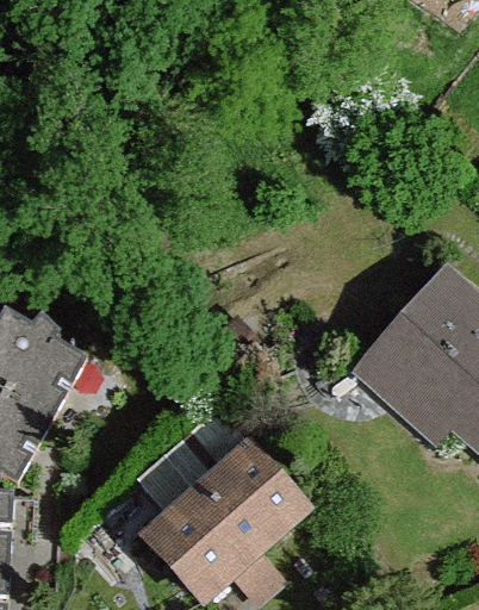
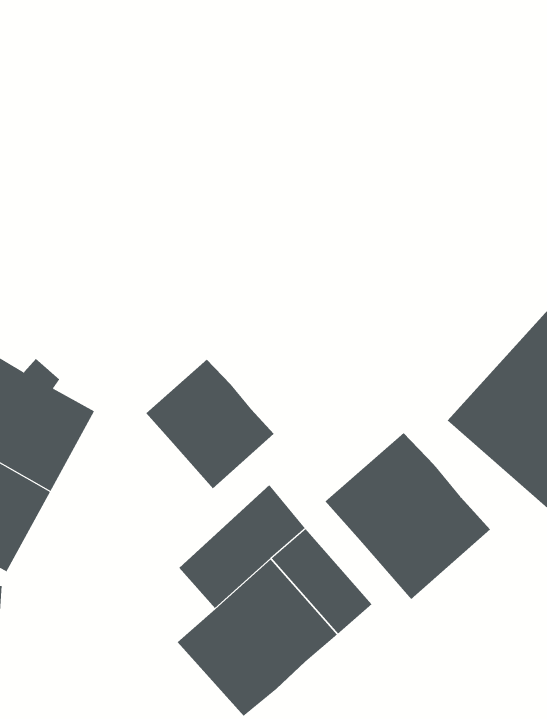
building: none -> [145,359,275,489]
building: none -> [324,432,491,600]

